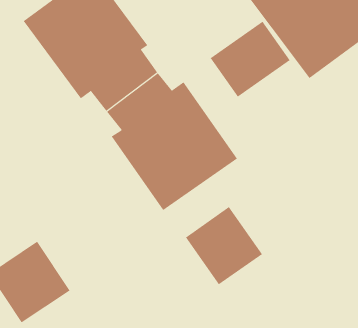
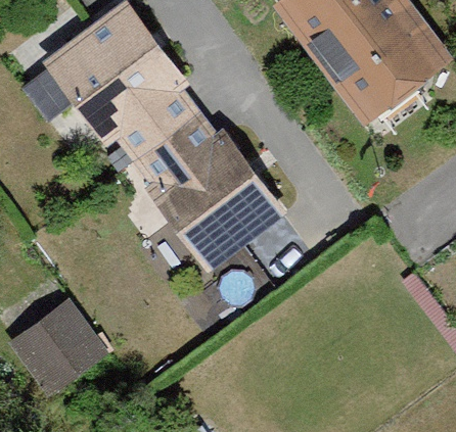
building: [210,21,290,97] -> none
building: [185,206,263,285] -> none

